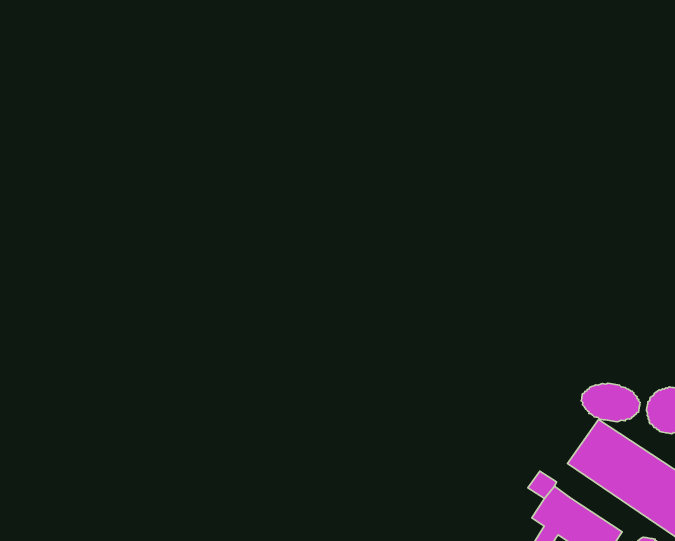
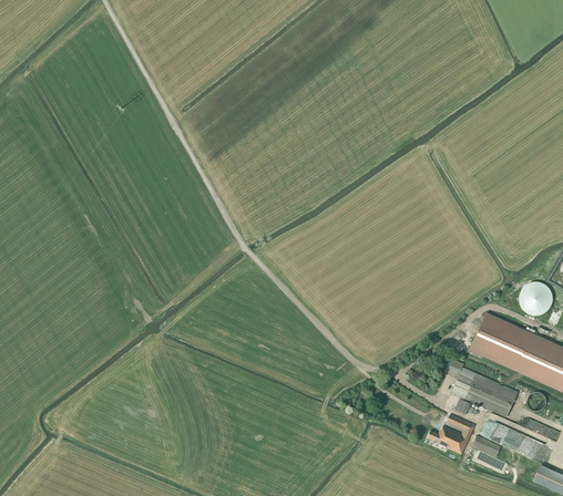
building: [581,383,640,422] -> none

